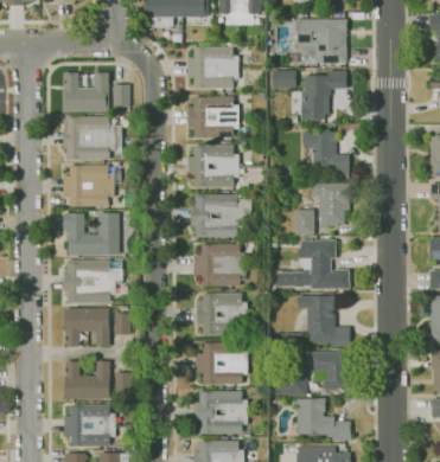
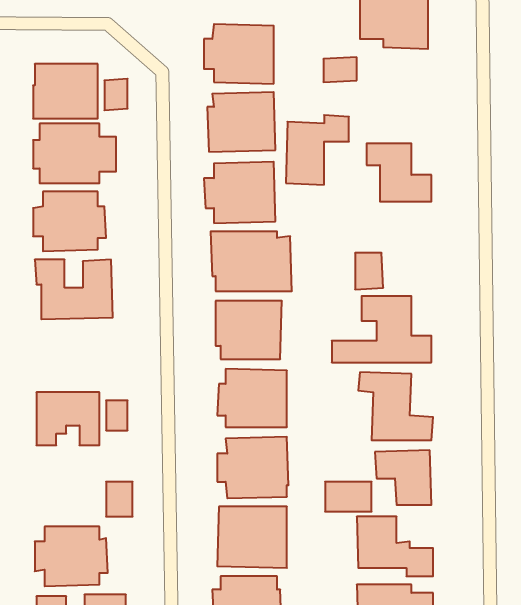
building: [300,69,345,118] -> [286,115,349,185]
building: [312,182,346,224] -> none
building: [64,259,123,303] -> none
building: [66,361,110,399] -> none

